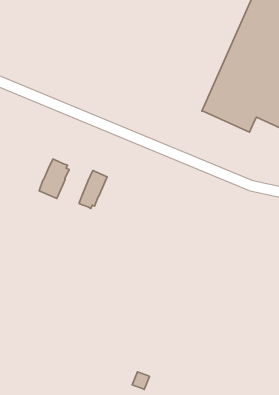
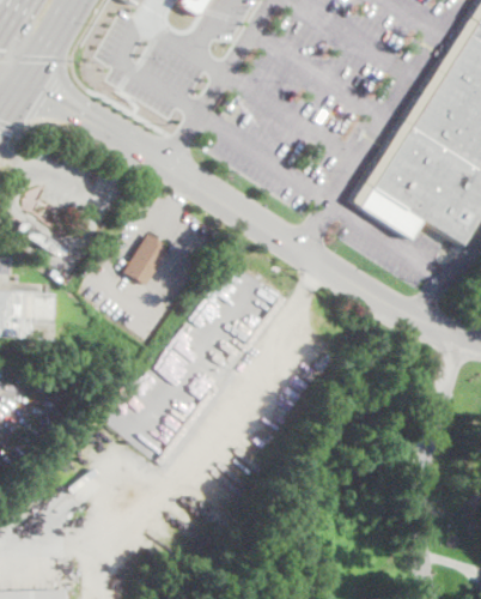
building: [79,170,107,208] -> none

